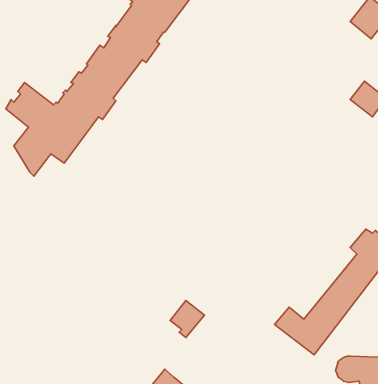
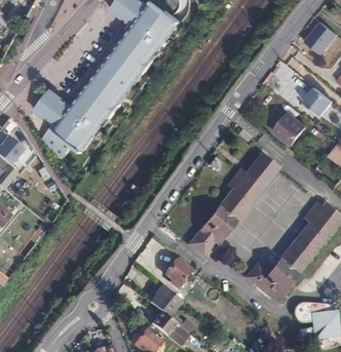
building: none -> [274,113,305,145]
building: none -> [189,153,278,255]
building: none -> [151,285,182,317]

